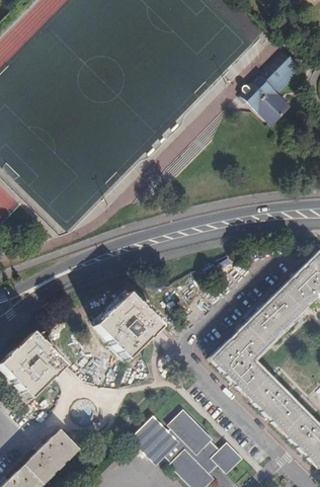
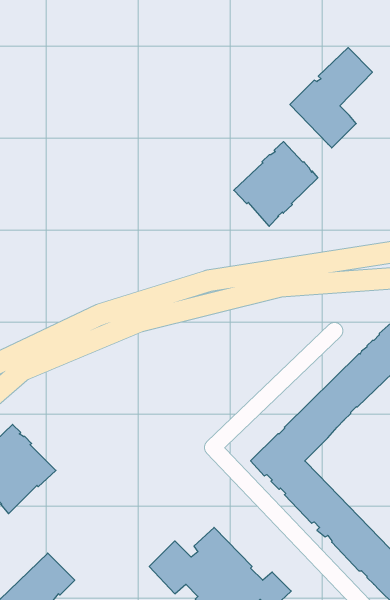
building: none -> [234,142,318,226]
building: [94,293,160,358] -> none

